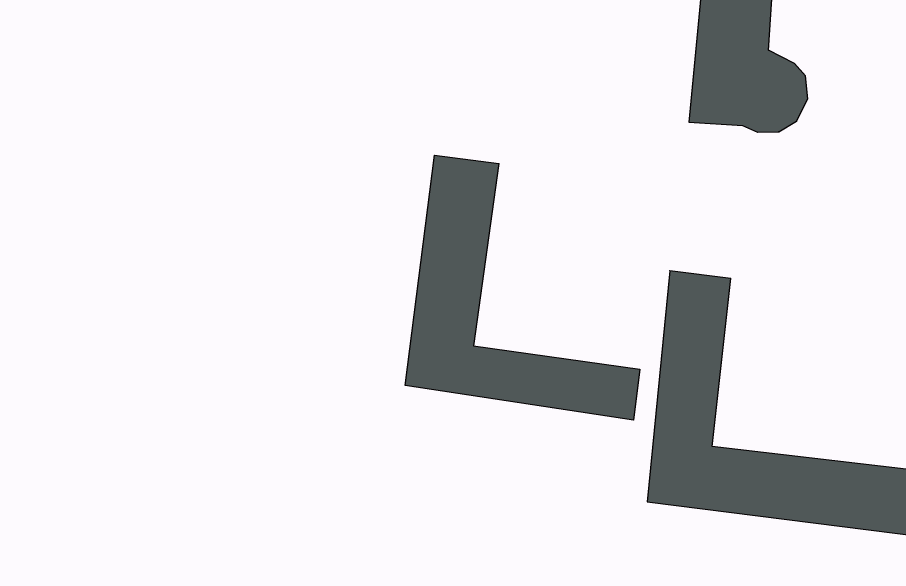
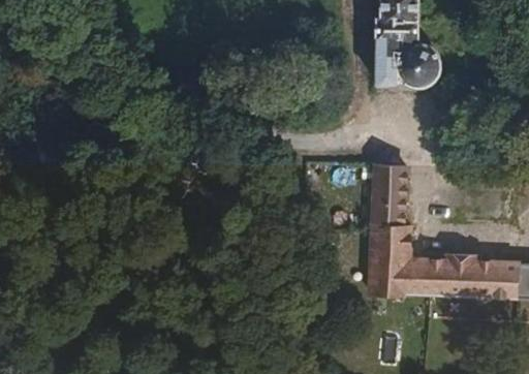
building: [405,155,640,420] -> none

